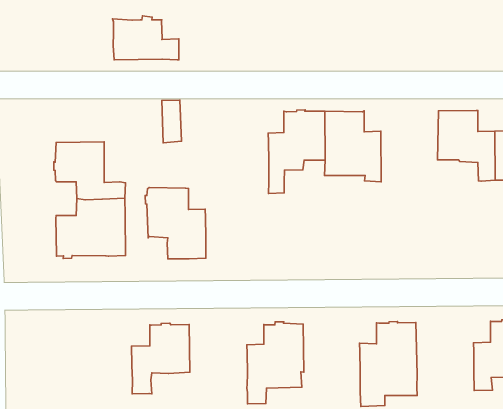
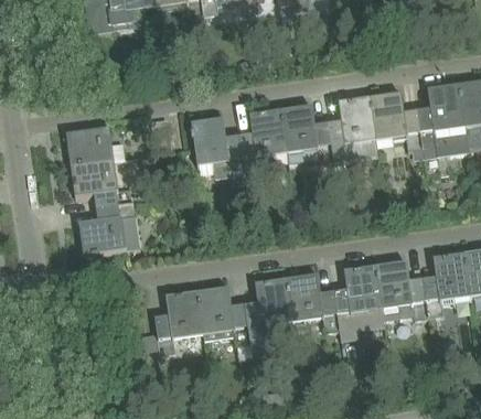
building: [113,16,179,60] -> [67,125,124,162]
building: none -> [327,97,377,159]
building: [145,188,206,259] -> [190,118,244,175]
building: none -> [374,261,427,316]
building: none -> [286,273,338,329]
building: none -> [196,287,249,341]

